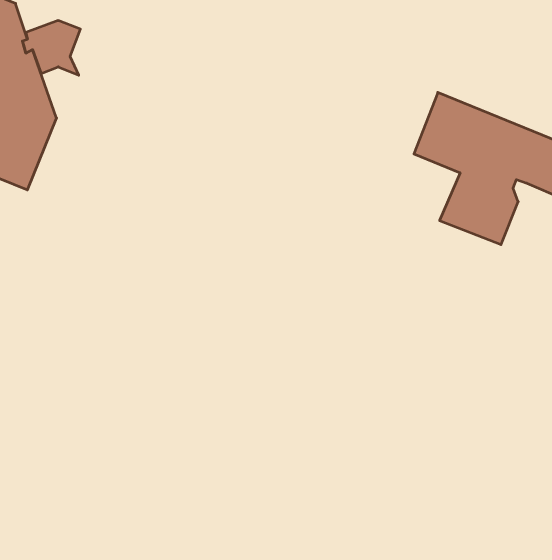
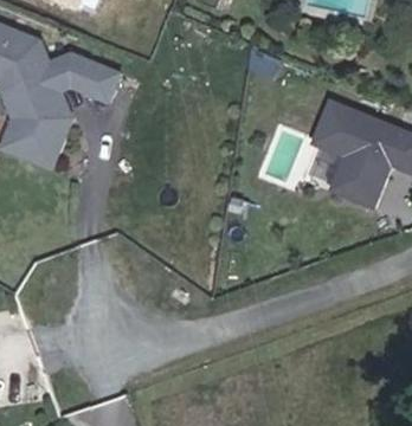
building: none -> [77,58,120,101]

